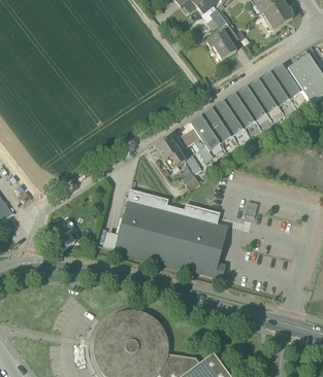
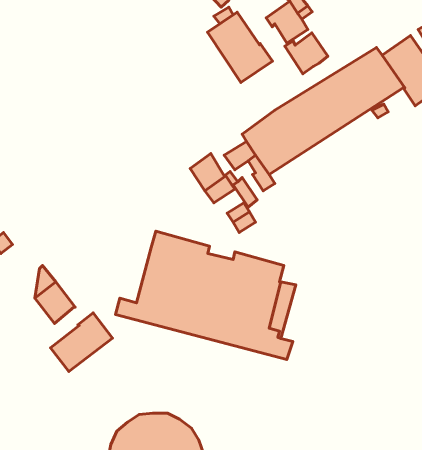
building: none -> [207,12,273,82]
building: none -> [285,33,328,74]
building: none -> [50,313,113,372]

